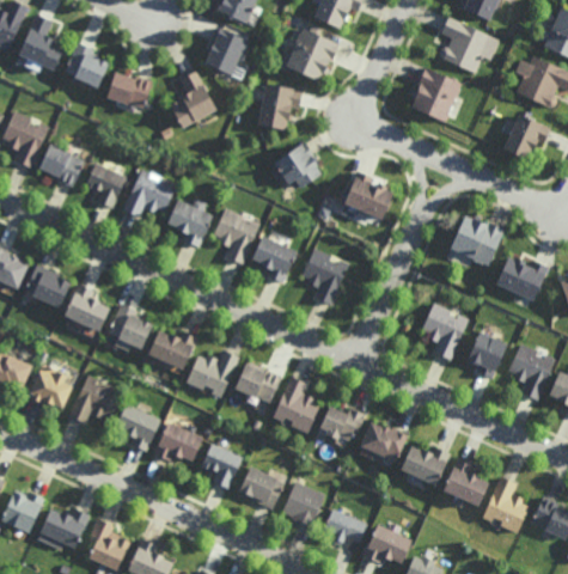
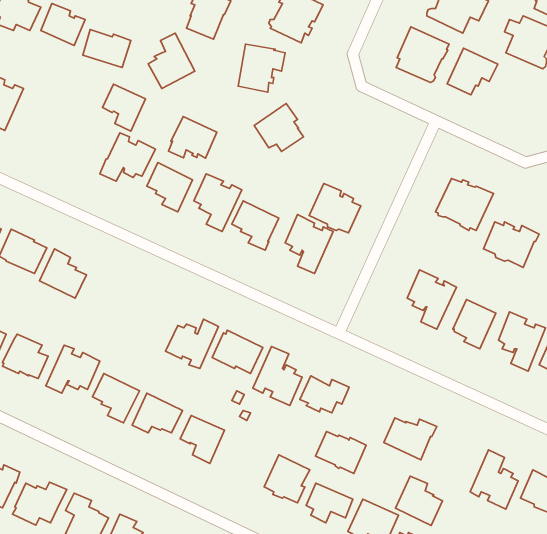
building: [502,112,551,158] -> [447,48,498,95]
building: [39,142,85,187] -> none
building: none -> [168,116,217,158]
building: [85,163,127,208] -> [102,84,146,131]
building: [342,171,392,219] -> [309,184,361,233]
building: [109,304,153,350] -> none
building: [149,330,197,368] -> none
building: [358,422,407,463] -> [316,431,366,473]
building: [441,459,487,507] -> [395,476,442,526]
building: [239,466,286,511] -> none

